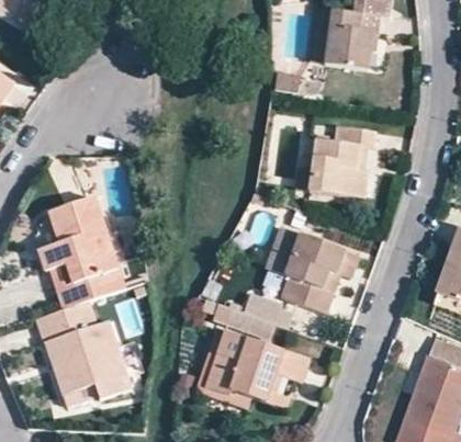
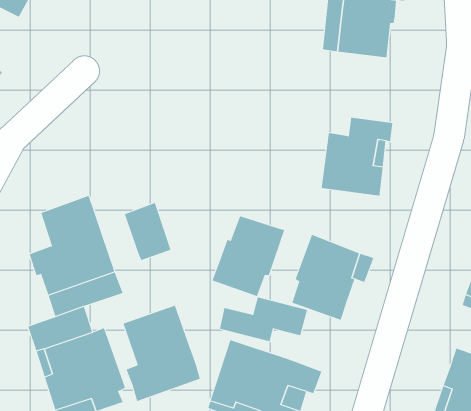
building: none -> [124,202,171,261]
building: none -> [212,215,285,297]
building: none -> [123,305,201,402]

